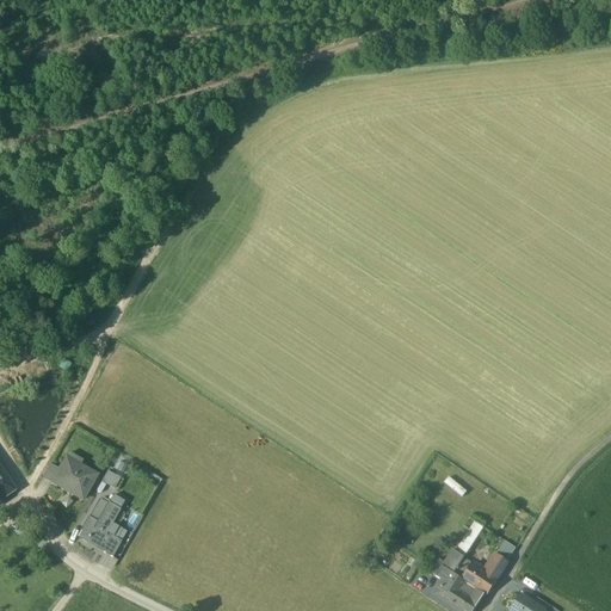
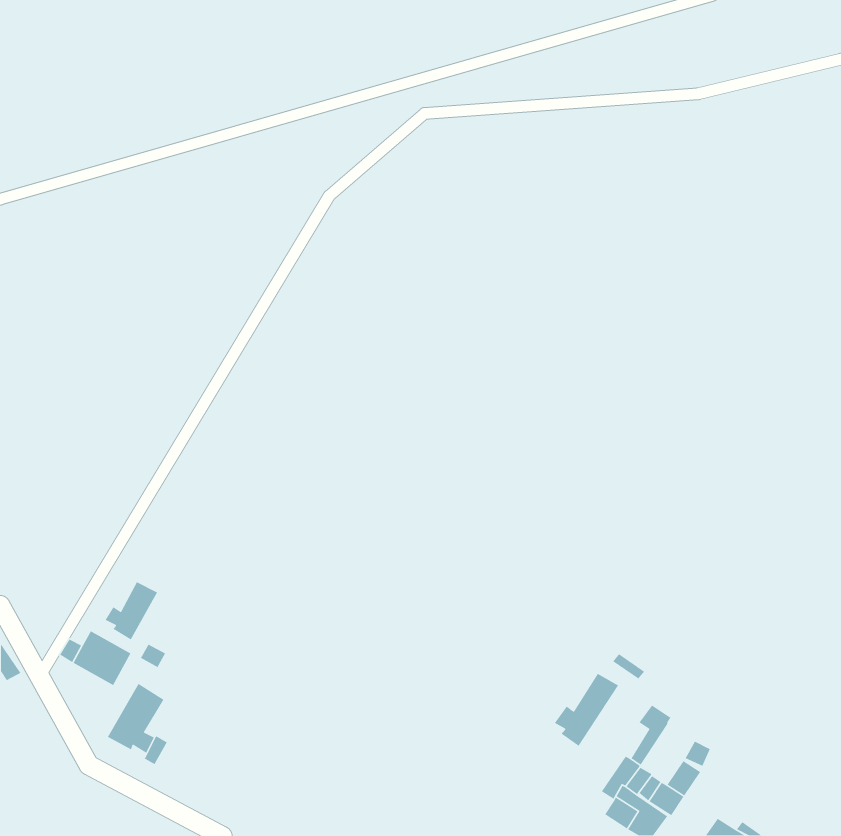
building: none -> [104,581,158,640]
building: none -> [554,673,619,747]

